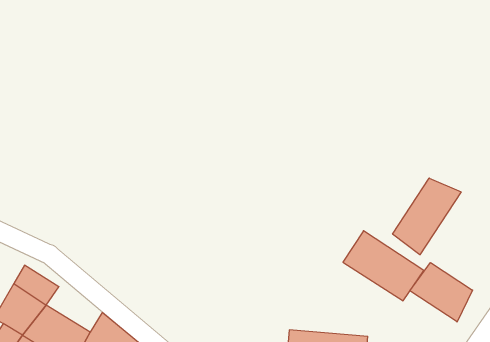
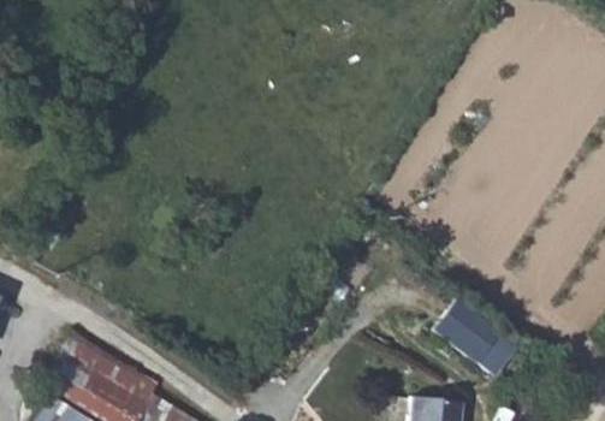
building: [393,178,461,255] -> none
building: [410,263,473,322] -> none
building: none -> [101,356,164,407]

